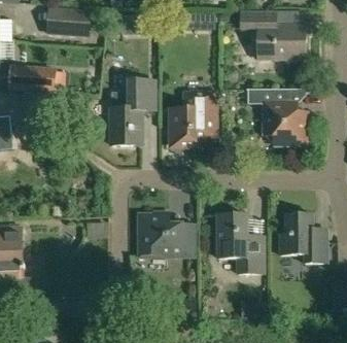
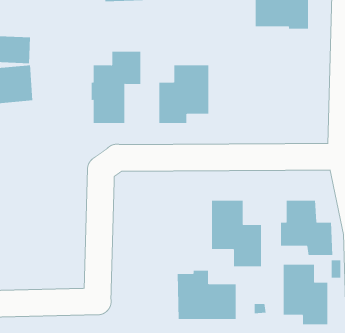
building: [246,88,305,143] -> none
building: [139,211,193,255] -> [177,270,236,319]
building: none -> [283,264,328,325]

